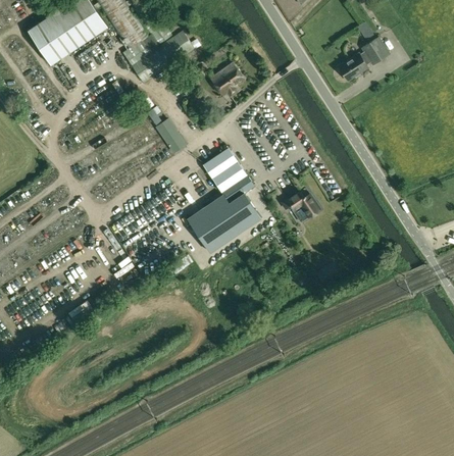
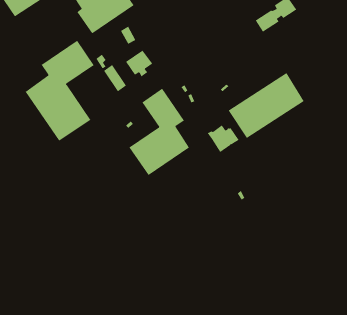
building: [210,63,244,96] -> [125,50,153,77]
building: none -> [25,40,95,141]
building: none -> [228,72,305,139]

